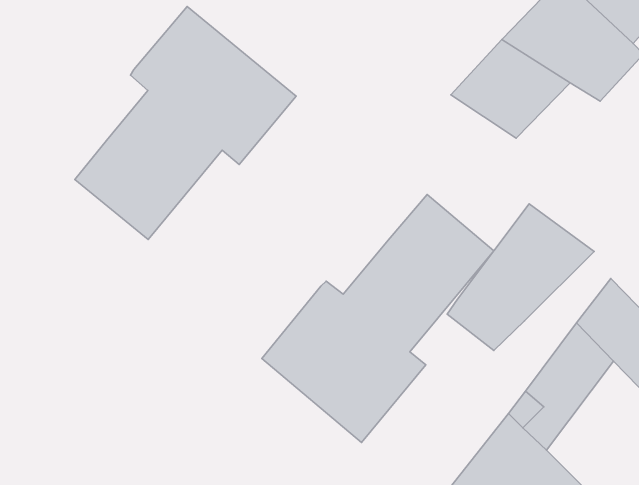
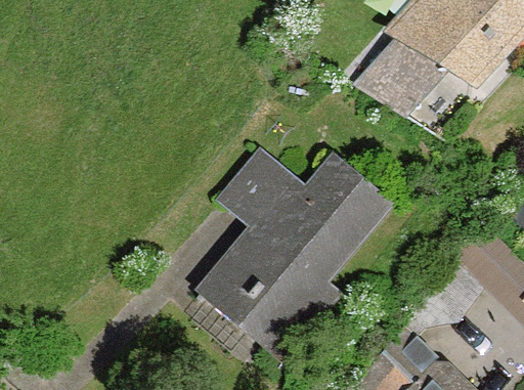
building: [75,7,296,240] -> none
building: none -> [219,151,308,235]
building: [447,204,594,351] -> none

